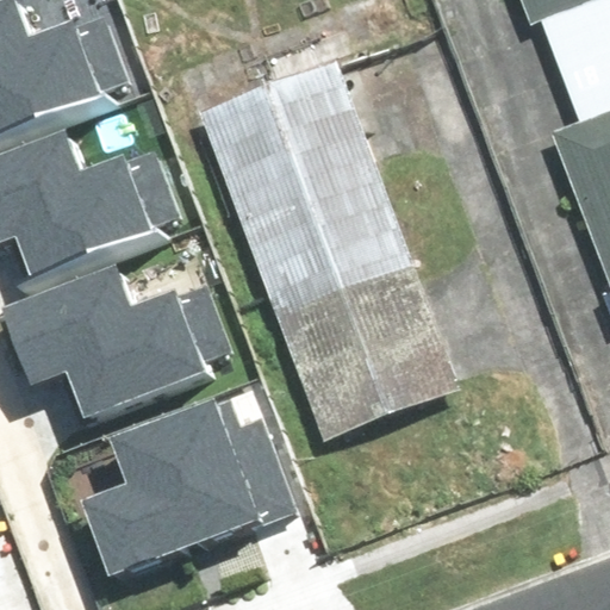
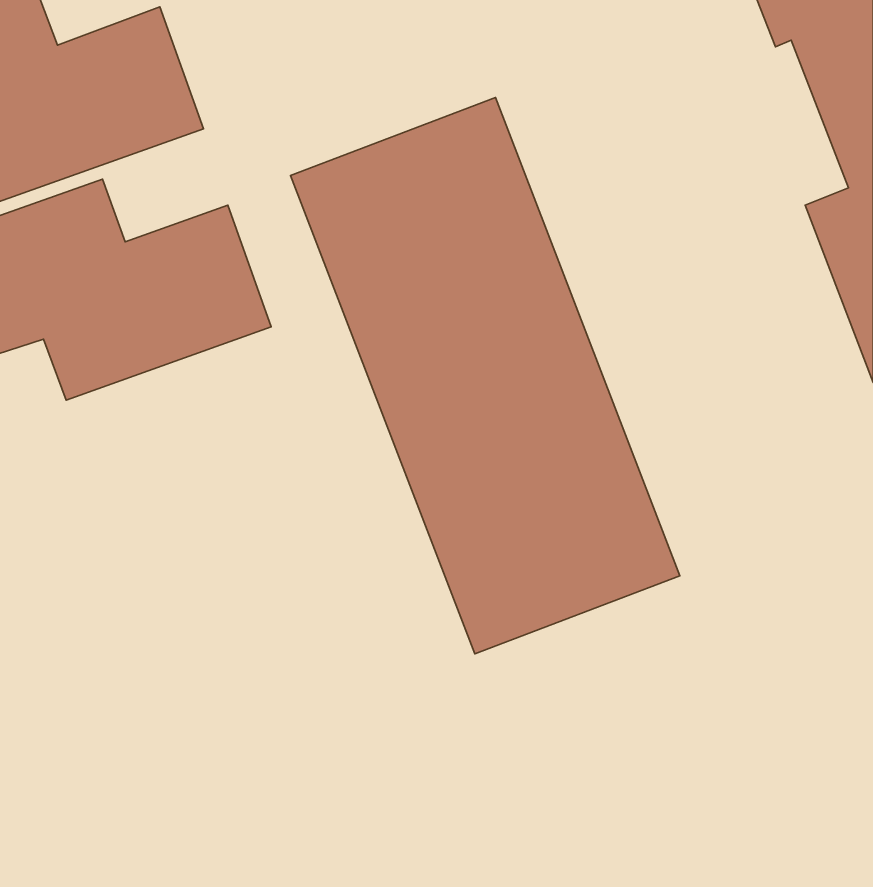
building: [6,254,231,406] -> none
building: [85,393,295,575] -> none

